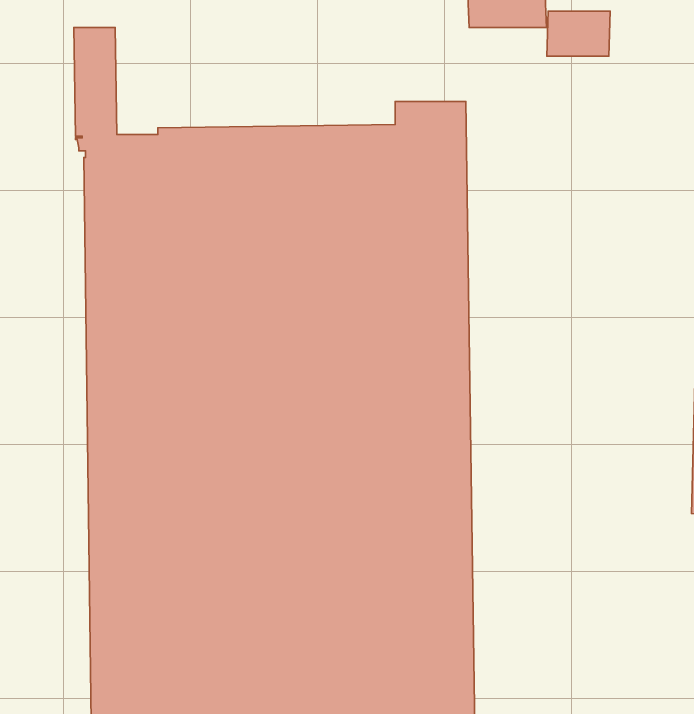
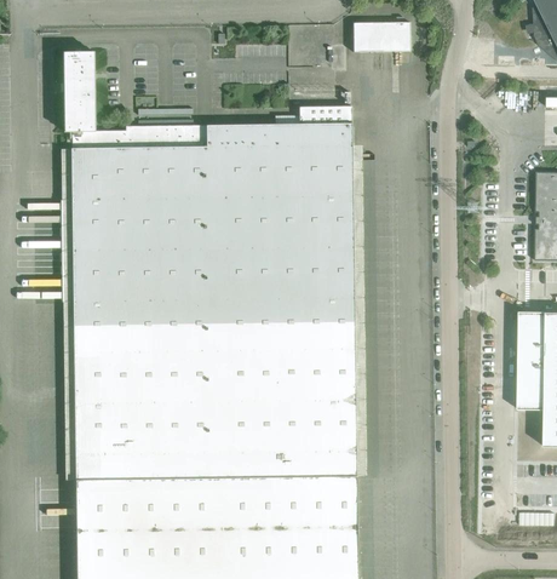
building: [547,11,610,56] -> none

